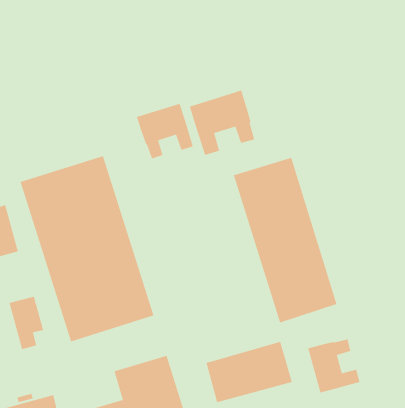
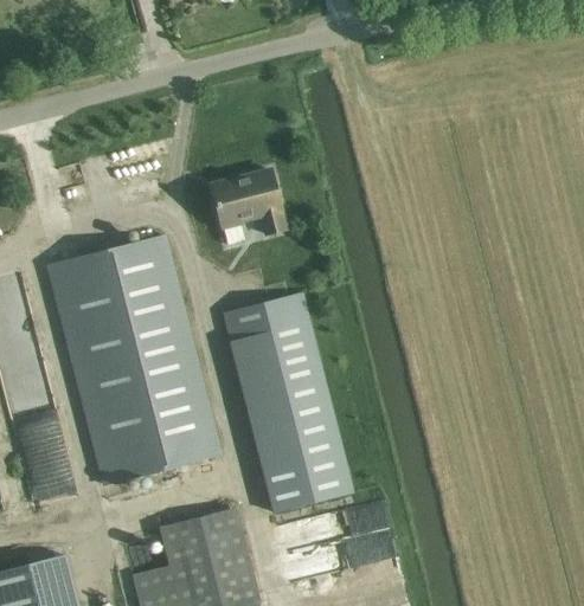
building: [189,90,255,156] -> none
building: [233,157,338,324] -> [223,292,354,516]
building: [307,339,360,394] -> none

